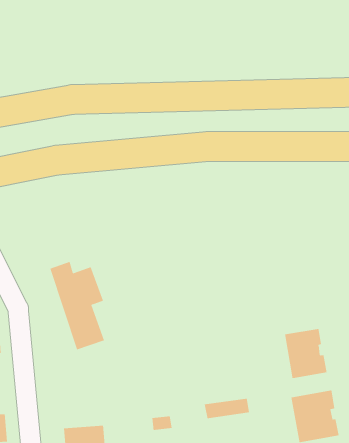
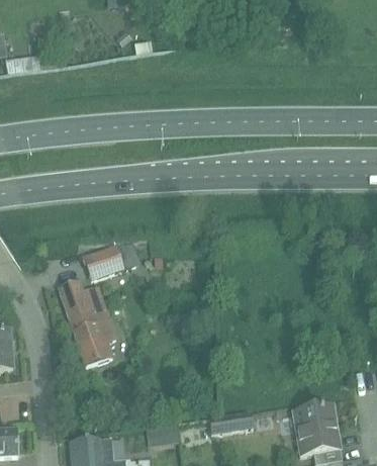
building: none -> [84,243,136,279]
building: [285,328,327,379] -> none

